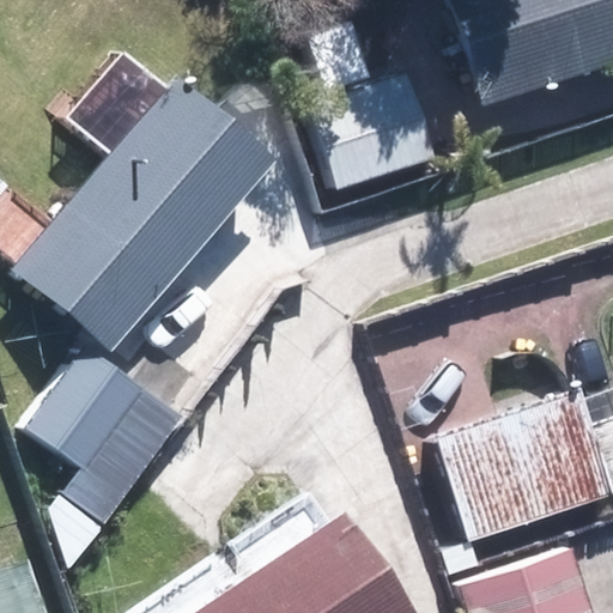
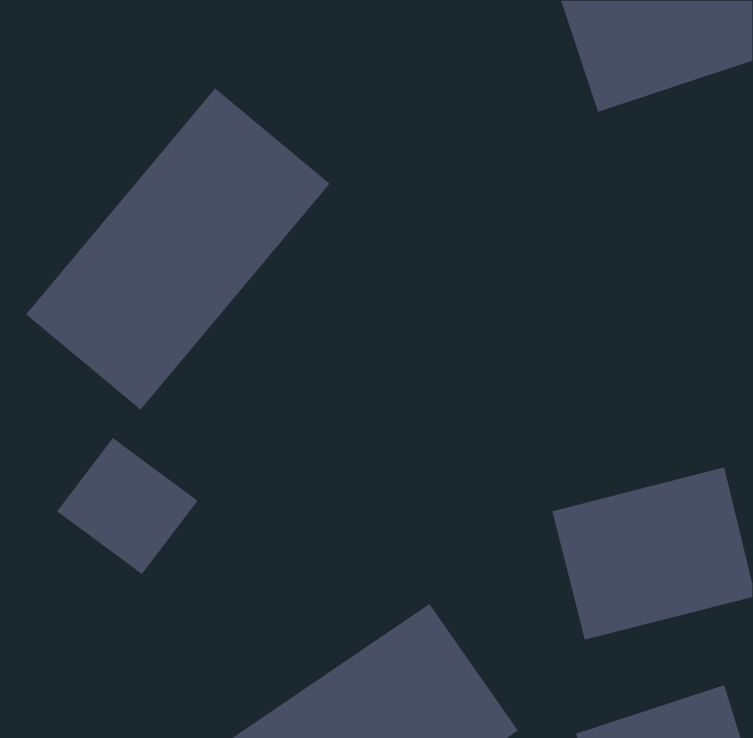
building: [314,74,436,192] -> none

